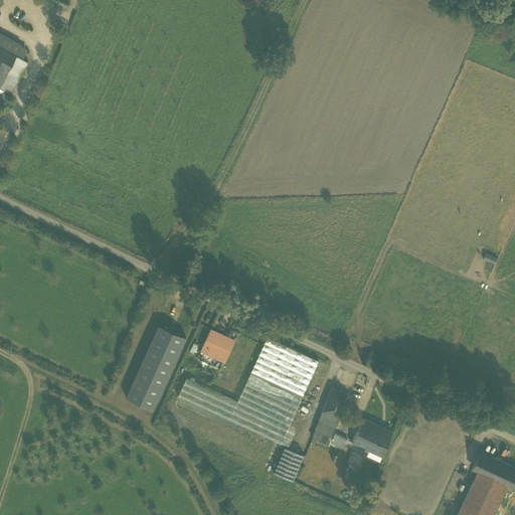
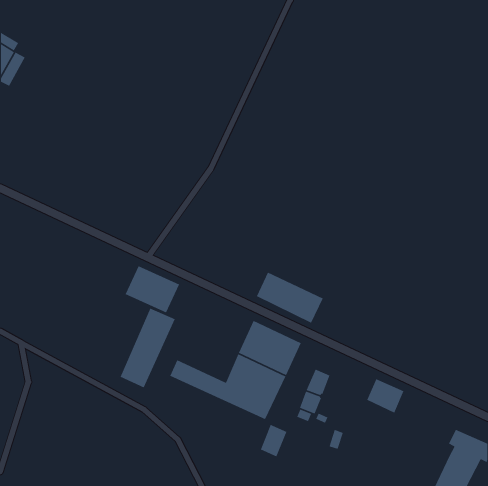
building: none -> [124,265,180,314]
building: none -> [256,272,324,324]
building: [202,332,232,361] -> none
building: [352,421,392,459] -> [366,378,405,414]

